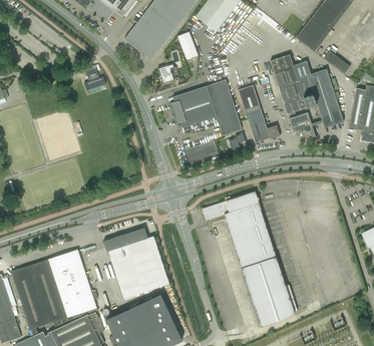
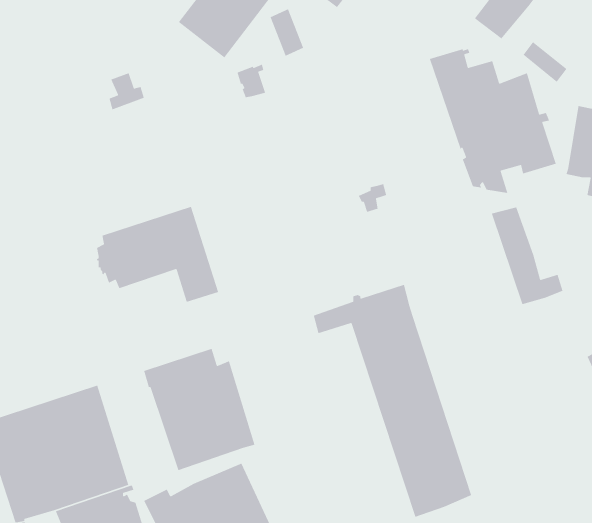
building: [170,79,242,135] -> [96,206,219,303]
building: [238,85,280,142] -> [491,206,564,305]
building: [184,140,219,164] -> none

